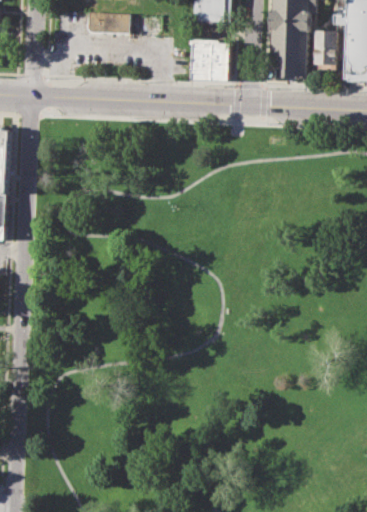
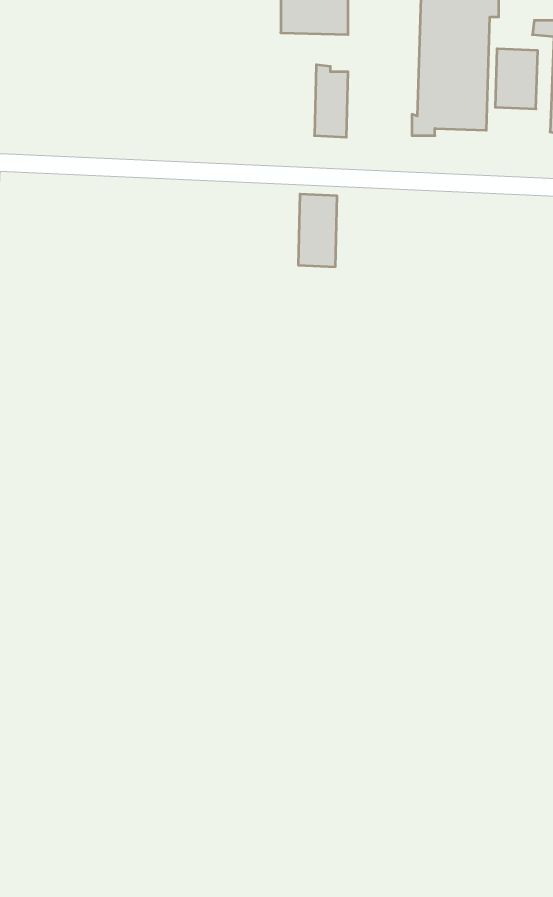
building: [86,10,128,33] -> none
building: [189,38,211,79] -> [298,194,337,267]

